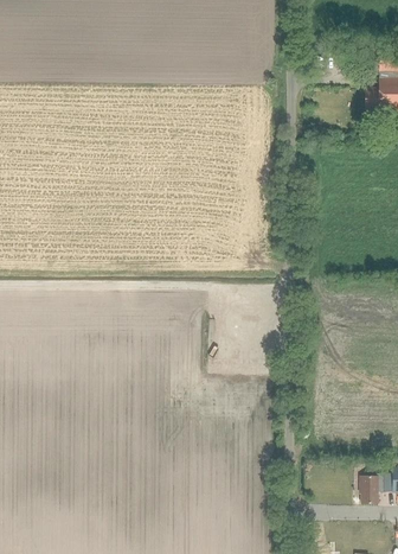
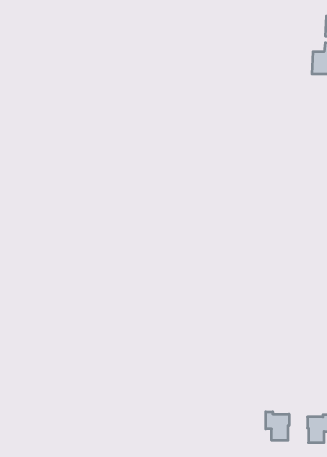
building: none -> [266,412,289,440]

